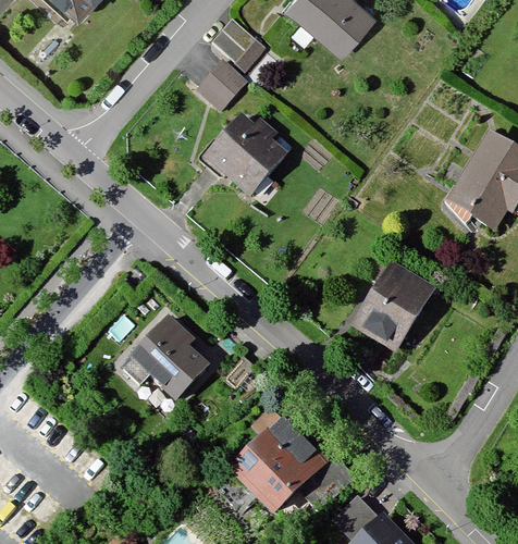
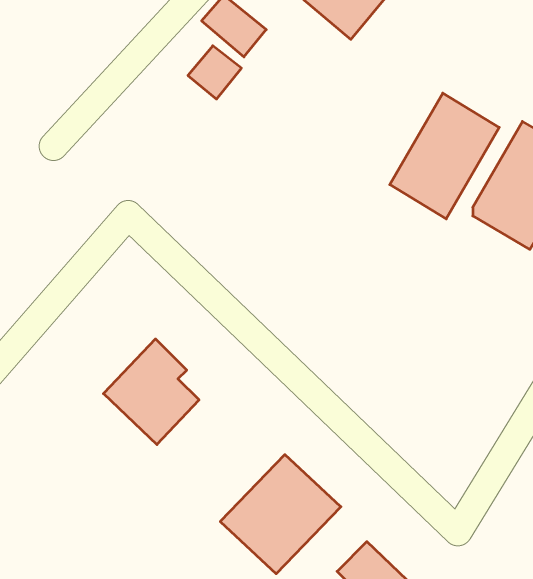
building: none -> [390,93,499,219]
building: [203,112,284,196] -> none
building: [349,262,436,358] -> none

